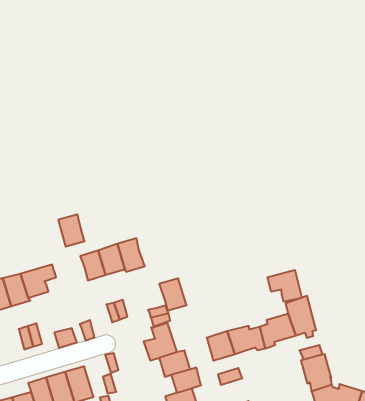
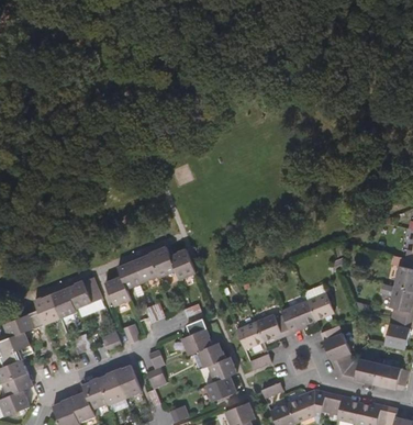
building: [58,214,85,247] -> [104,277,130,306]
building: [267,270,302,302] -> none
building: [159,278,187,311] -> [168,250,194,280]

